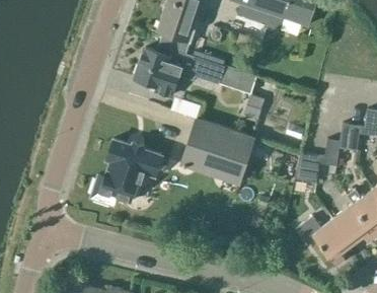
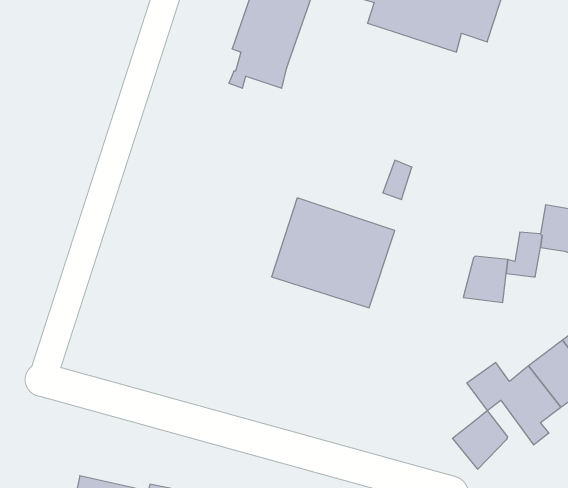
building: [136,48,256,100] -> none
building: [90,140,162,205] -> none
building: none -> [453,411,507,469]

